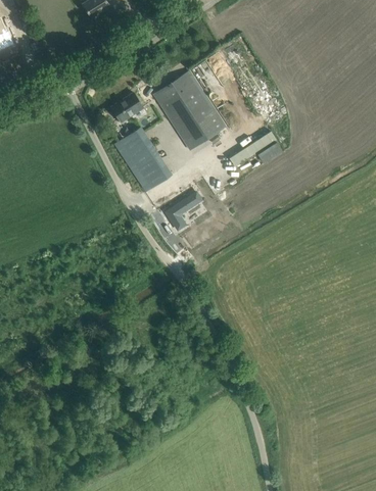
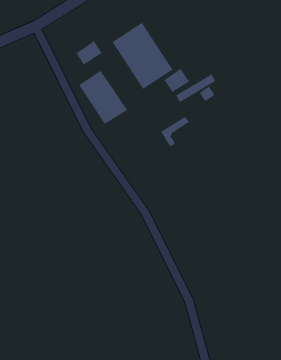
building: none -> [163,68,190,93]
building: [167,193,201,230] -> [160,116,190,147]

